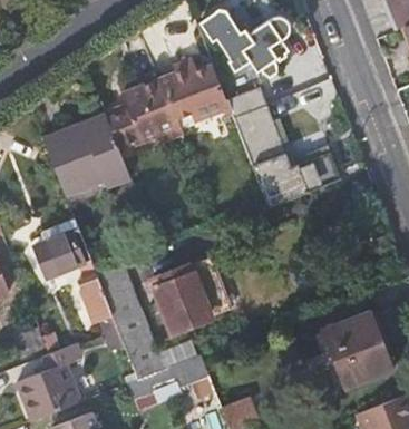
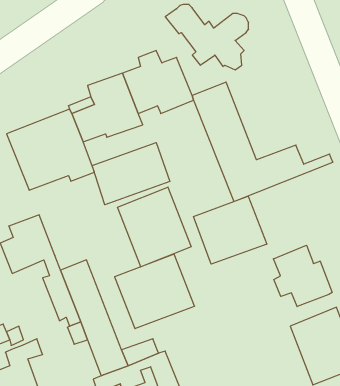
building: none -> [92,143,170,205]
building: none -> [118,187,191,267]
building: none -> [193,196,267,264]
building: none -> [273,245,332,307]

